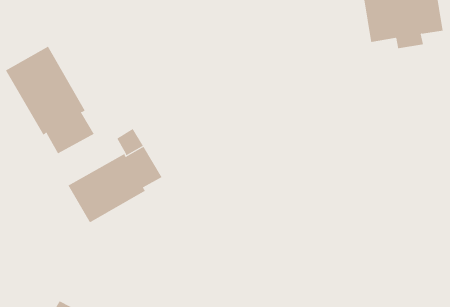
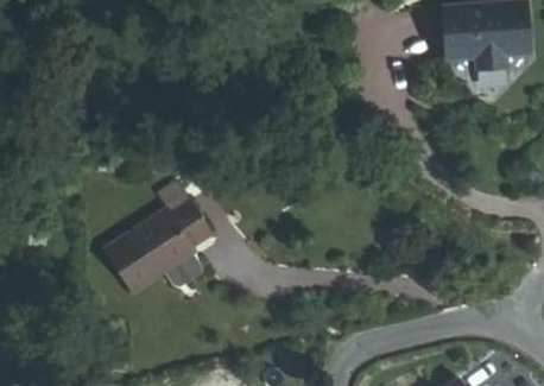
building: [5,46,94,154] -> none

